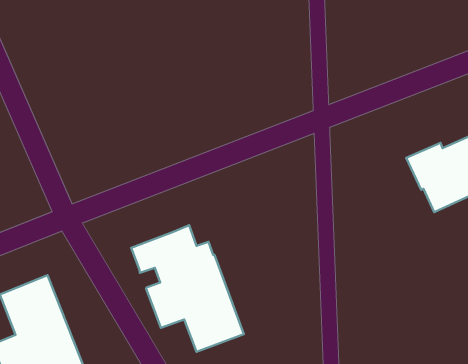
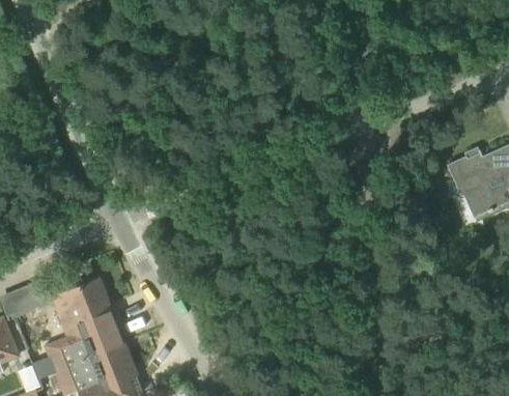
building: [131,225,244,352] -> none

